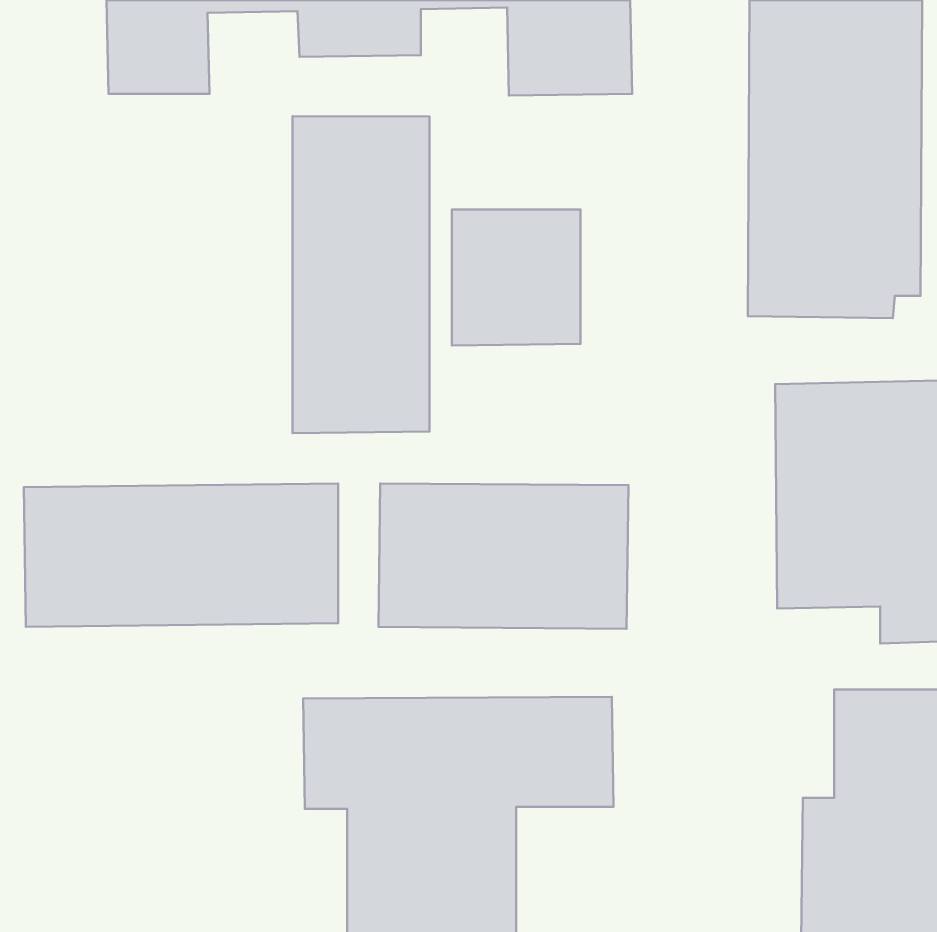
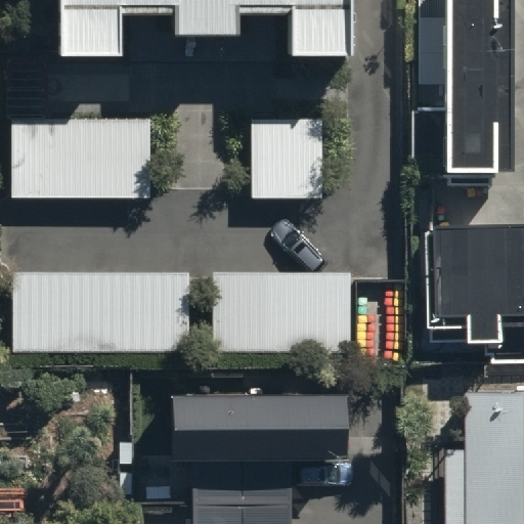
building: [292,116,430,433] -> none
building: none -> [5,119,150,195]

